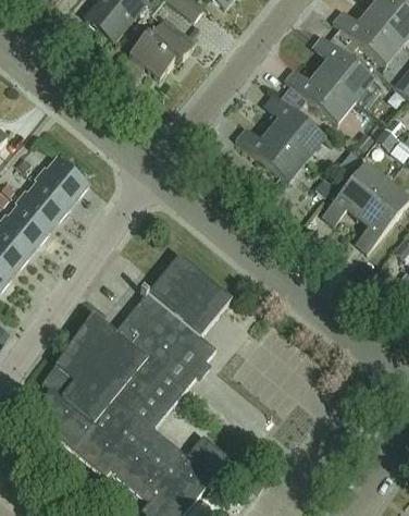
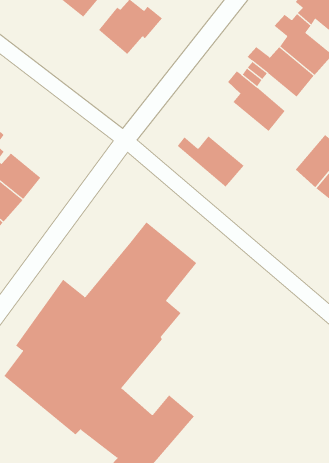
building: [236,127,307,182] -> [177,135,245,188]
building: [35,157,89,207] -> none

